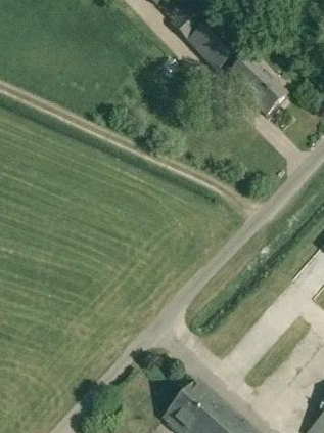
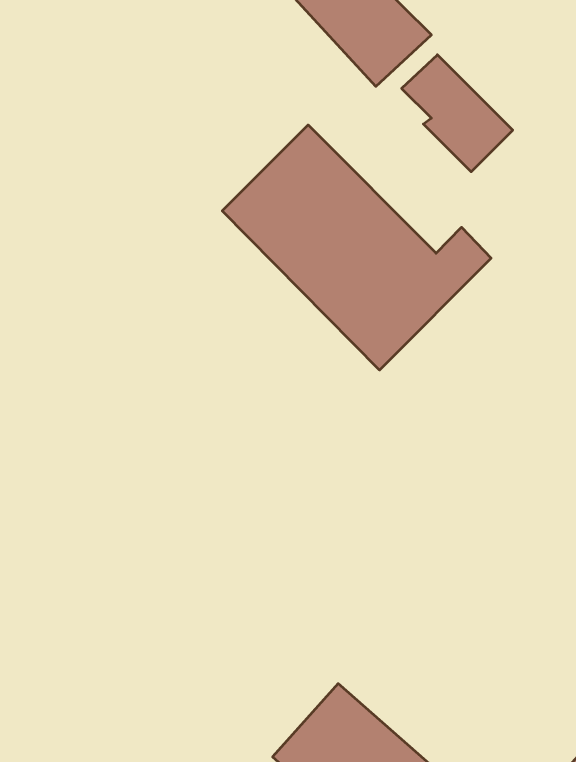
building: none -> [222,125,491,370]

